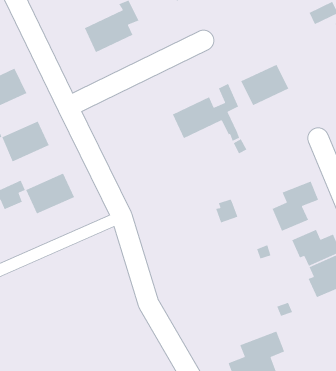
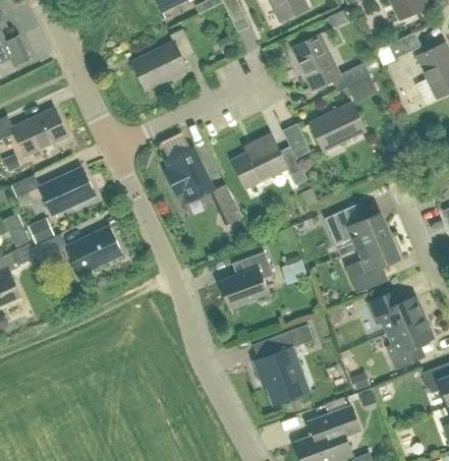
building: none -> [290,36,382,92]
building: none -> [165,148,238,217]
building: none -> [325,203,390,248]
building: none -> [220,251,273,307]
building: none -> [255,324,314,404]

